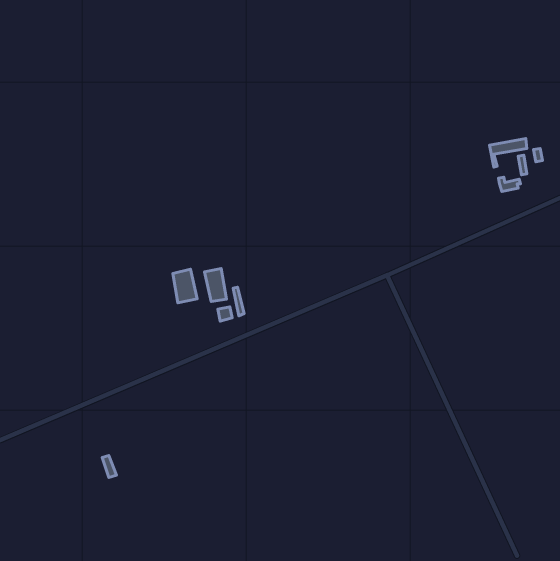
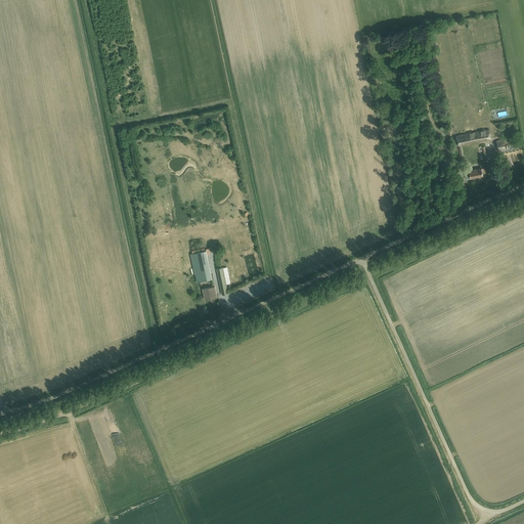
building: [173,269,197,303] -> none

